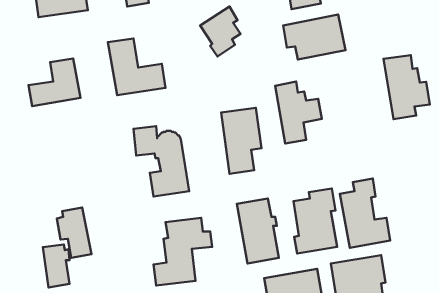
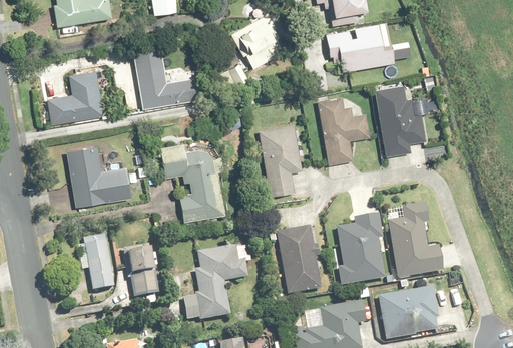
building: [383,55,430,119] -> [374,85,425,155]
building: none -> [66,145,132,208]
building: [43,245,69,288] -> [128,247,157,294]

